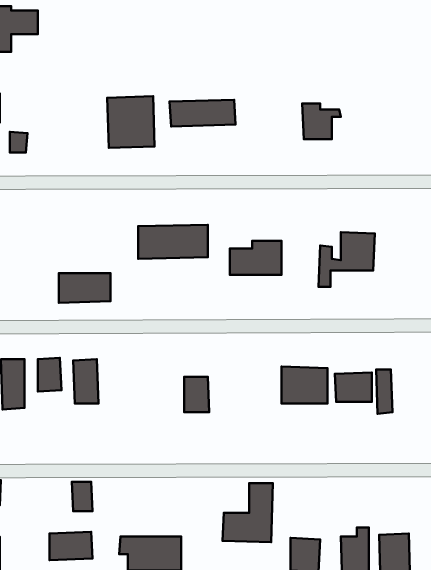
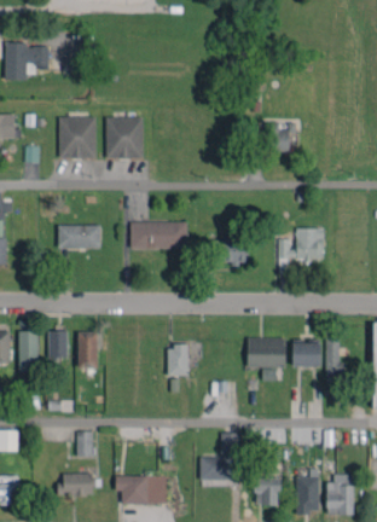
building: none -> [59,116,97,158]
building: [170,100,236,126] -> none
building: [59,273,111,303] -> [58,225,100,249]

